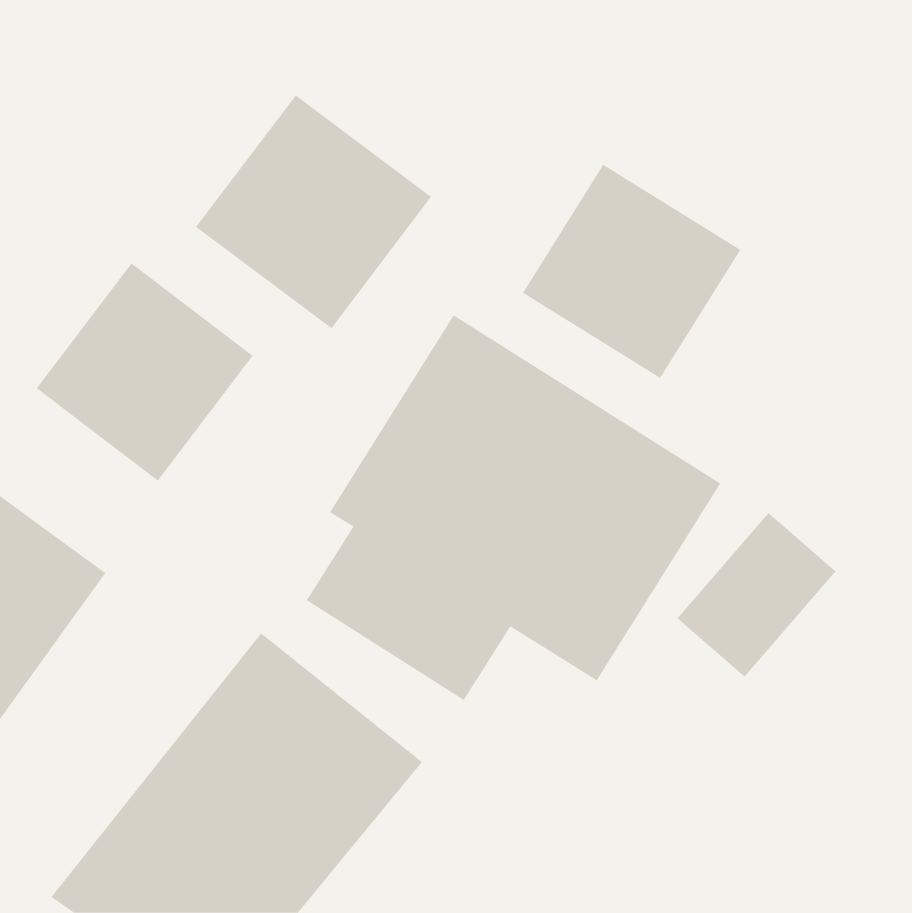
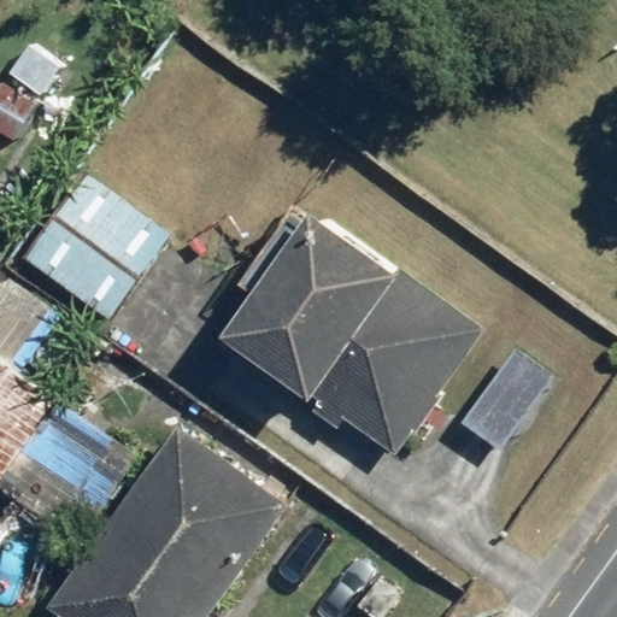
building: [195,95,432,329] -> none
building: [522,164,741,379] -> none

